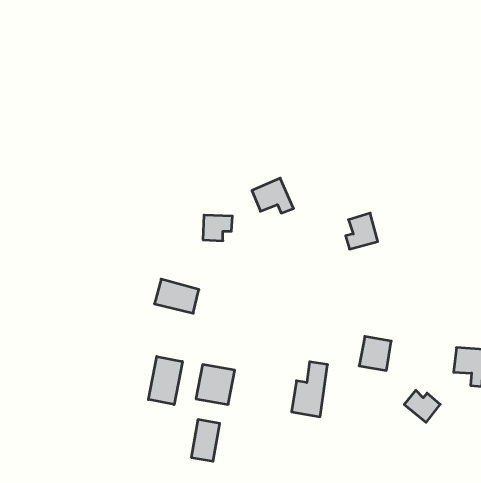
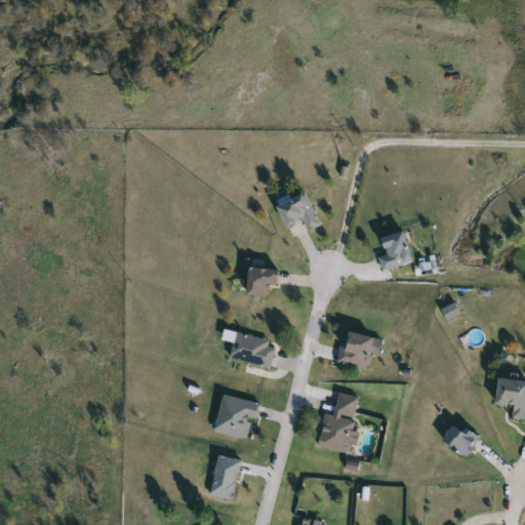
building: [203,215,232,241] -> [246,267,278,294]
building: [154,279,199,313] -> [229,330,277,367]
building: [359,336,391,370] -> [338,330,373,367]
building: [148,356,182,405] -> none

